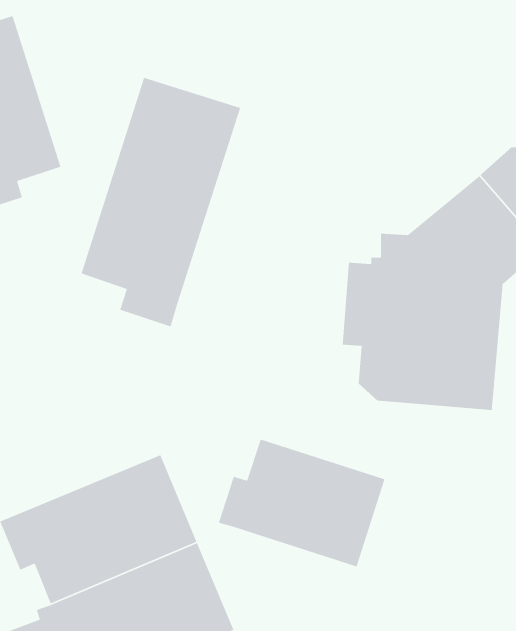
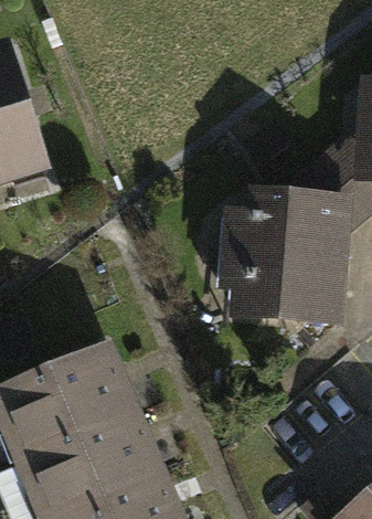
building: [80,77,241,327] -> none
building: [218,438,385,567] -> none

